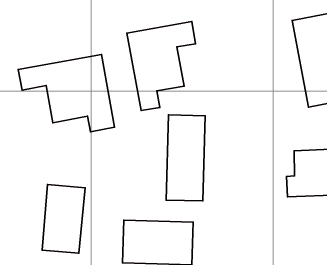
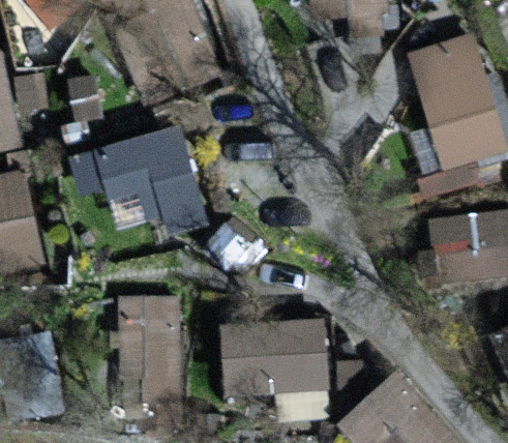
building: [127,22,196,111] -> none
building: [166,115,205,201] -> none

